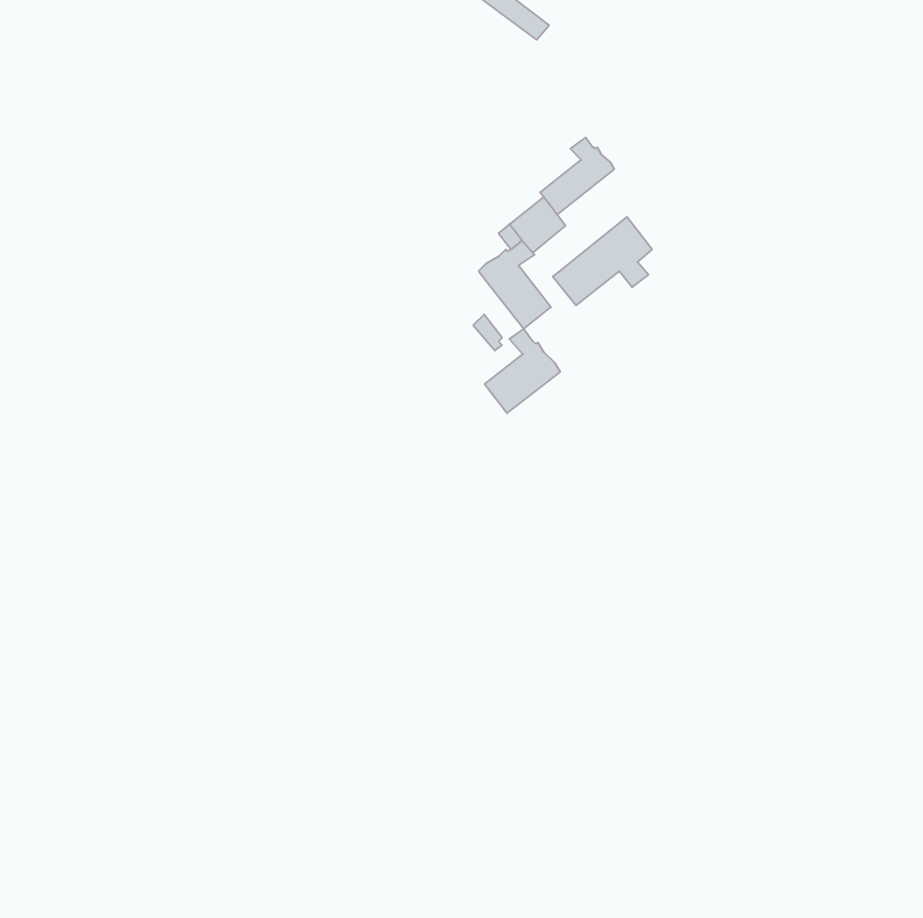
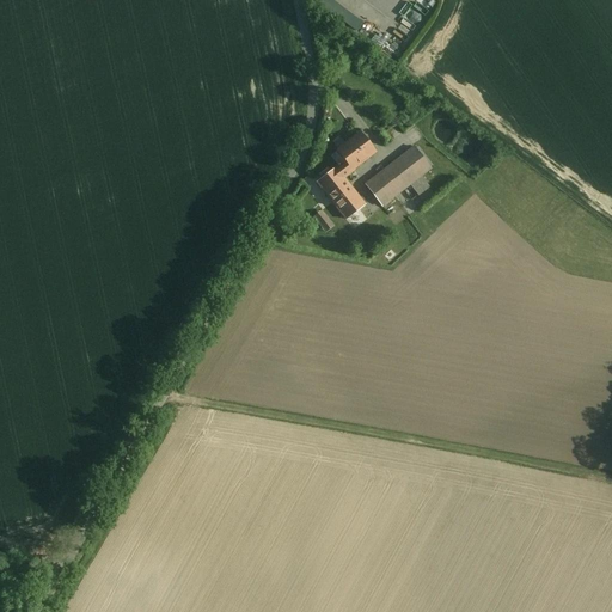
building: [540,138,614,214] -> none
building: [485,329,560,413] -> none

